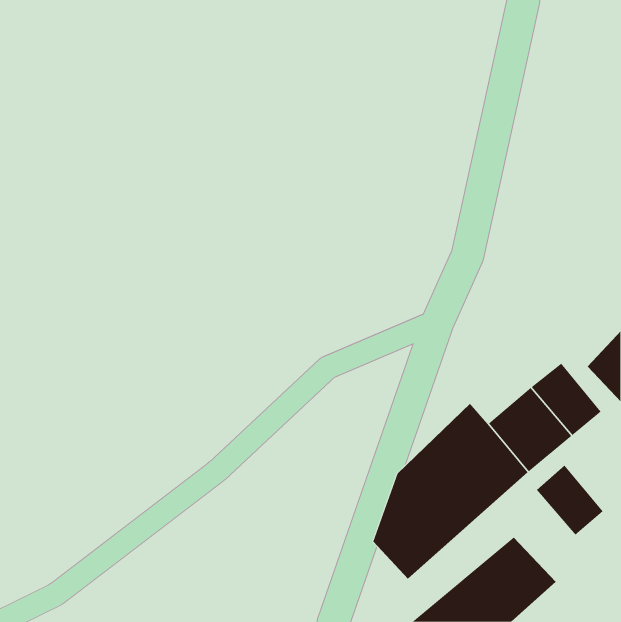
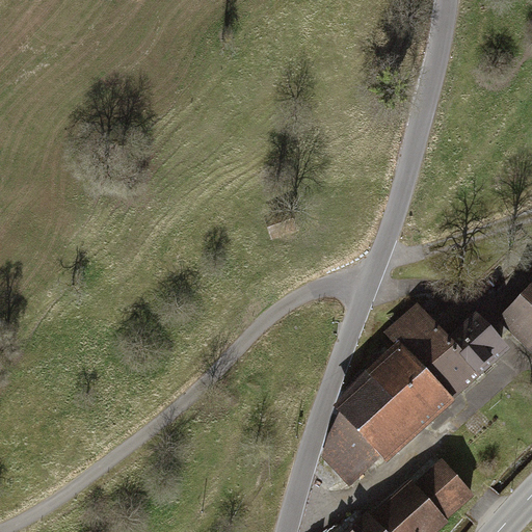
building: none -> [389,297,453,362]
building: [536,465,604,535] -> none

